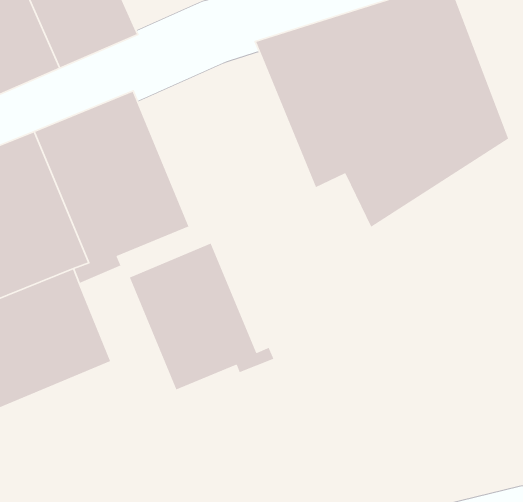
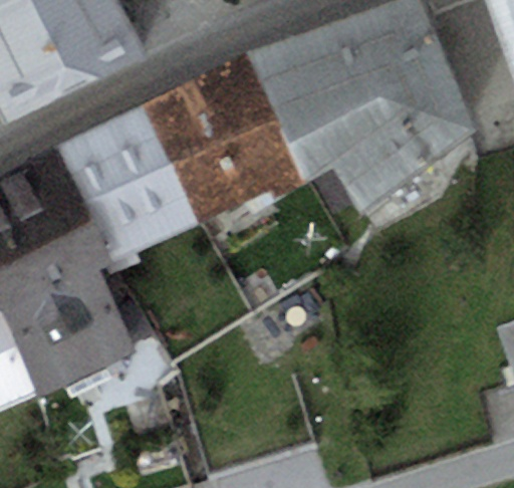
building: none -> [141,56,307,224]
building: [129,243,275,391] -> none

